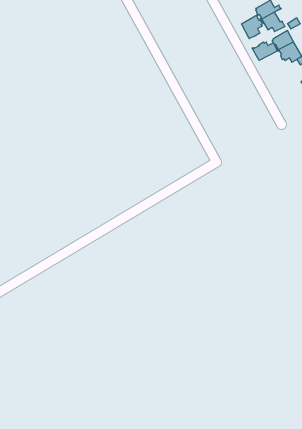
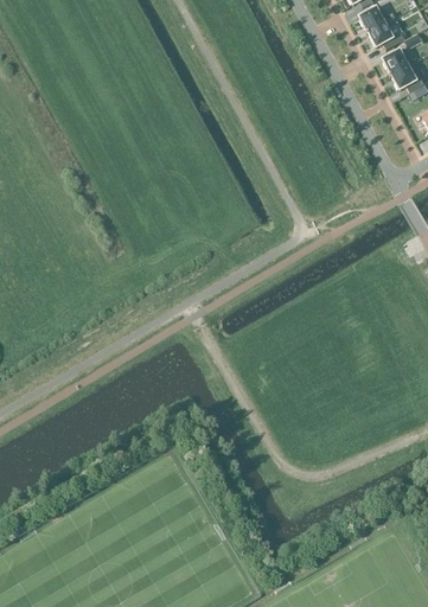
building: [241,14,263,39] -> none
building: [252,42,277,60] -> none

